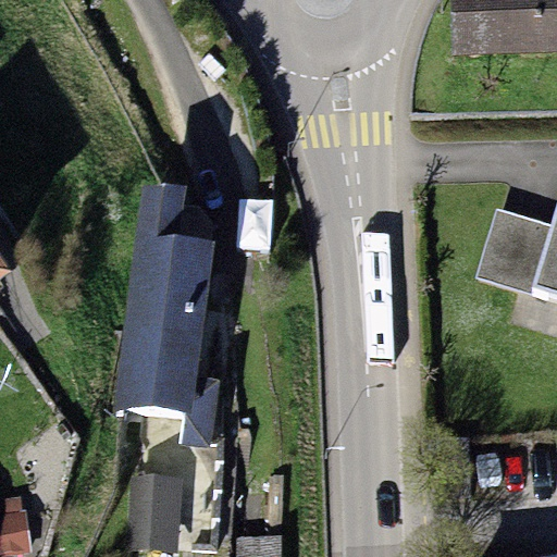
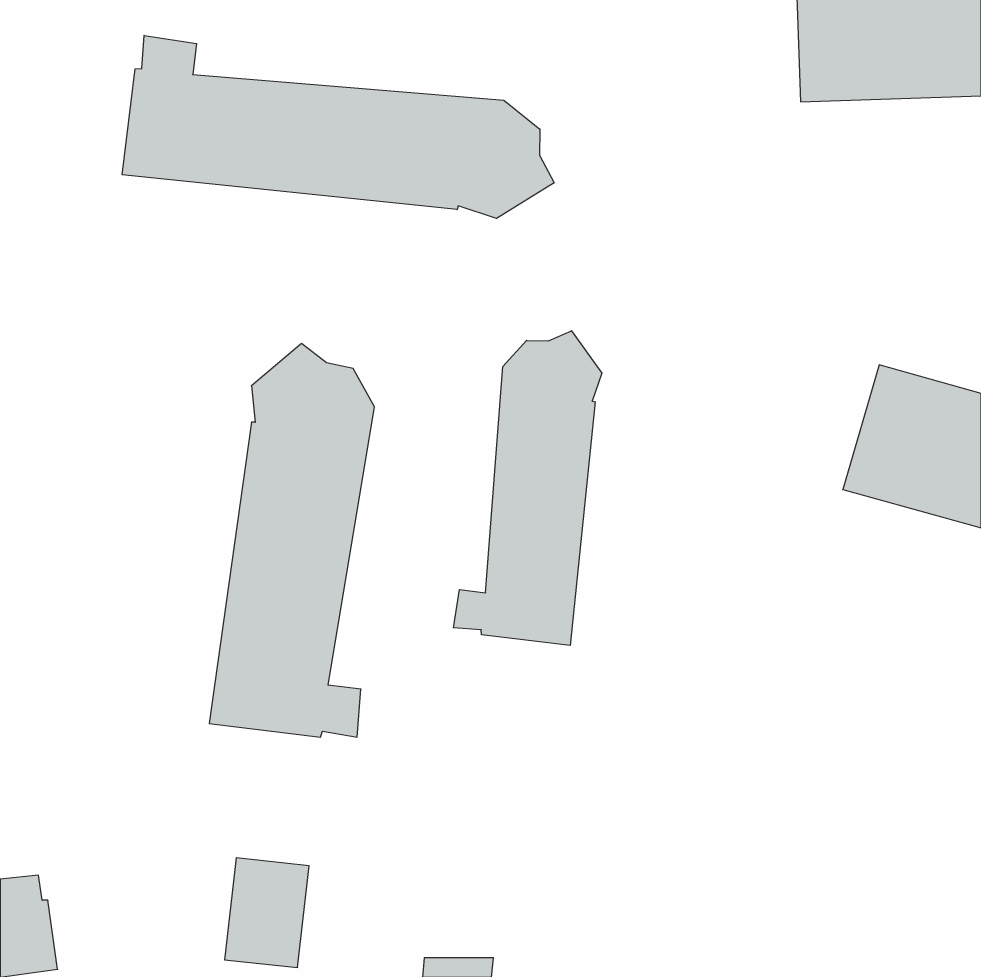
building: none -> [122,35,554,218]
building: none -> [453,331,602,645]

